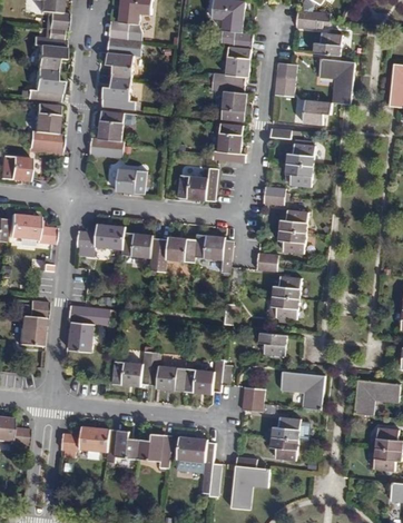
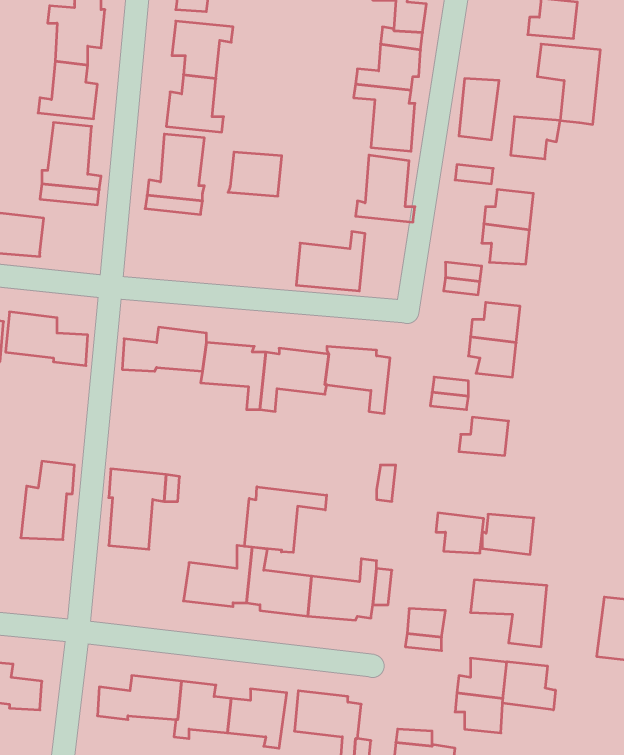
building: [116,168,147,194] -> [228,152,282,196]
building: [269,295,299,318] -> [482,514,534,554]
building: none -> [244,487,327,552]
building: none -> [503,662,555,710]

